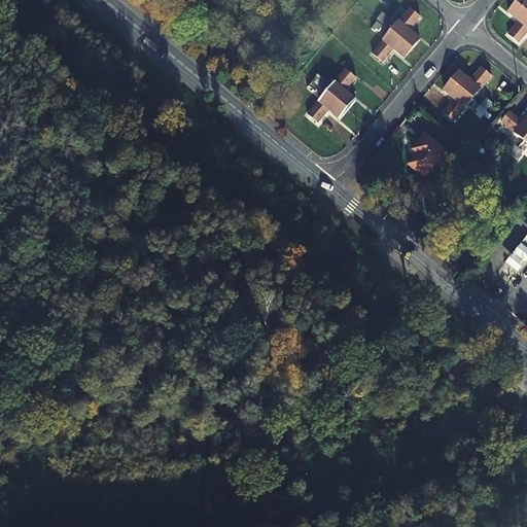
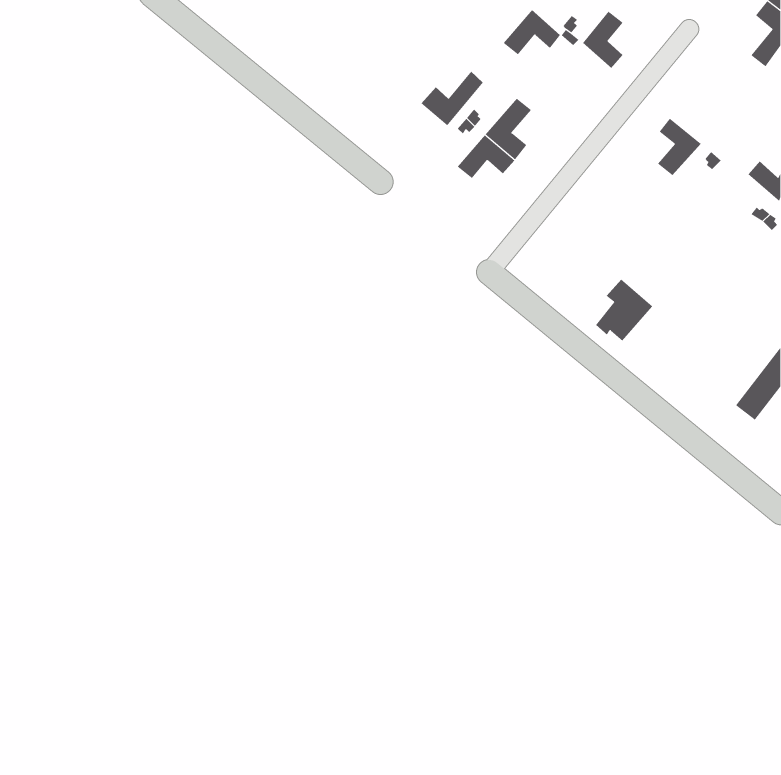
building: [373,29,412,60] -> [503,9,561,55]
building: none -> [421,71,484,126]
building: [451,57,497,97] -> none
building: [407,132,446,174] -> [595,279,653,342]

